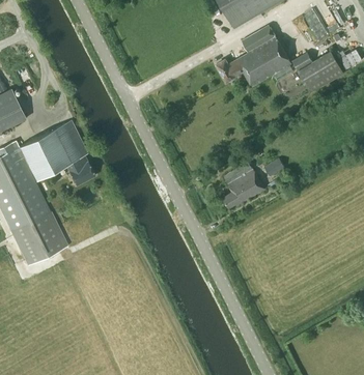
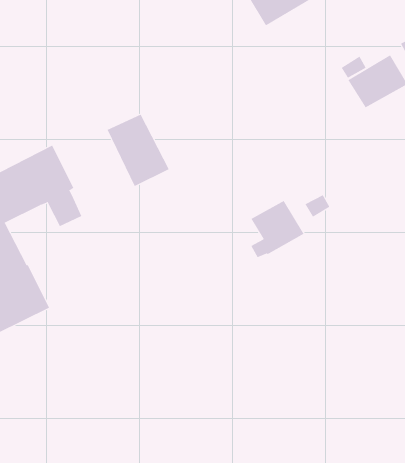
building: [217,27,291,86] -> none
building: none -> [107,114,170,187]

